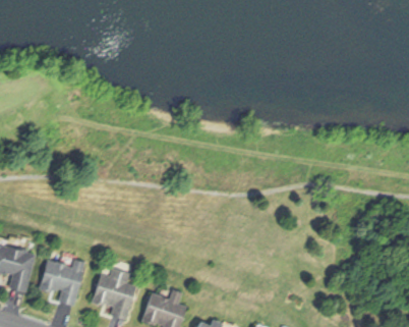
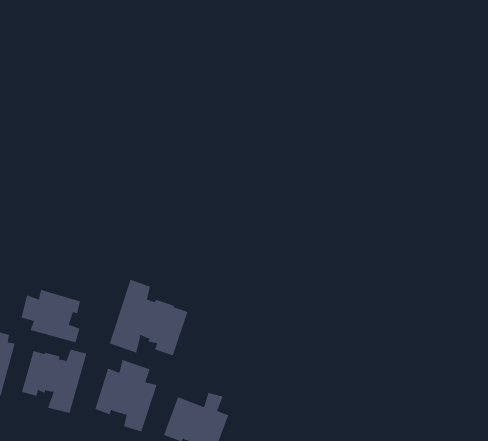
building: none -> [109,279,188,356]
building: none -> [21,289,81,343]

